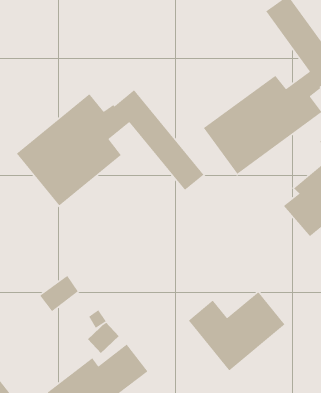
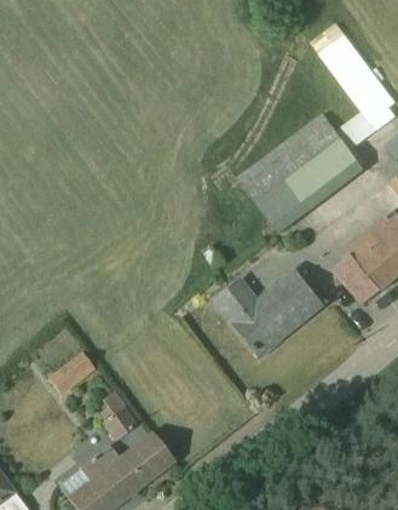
building: [16,89,205,207] -> none
building: [188,291,286,371] -> [209,268,323,361]

